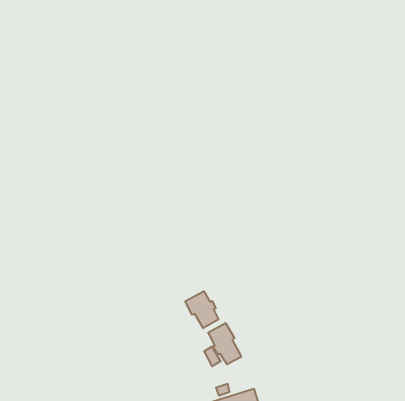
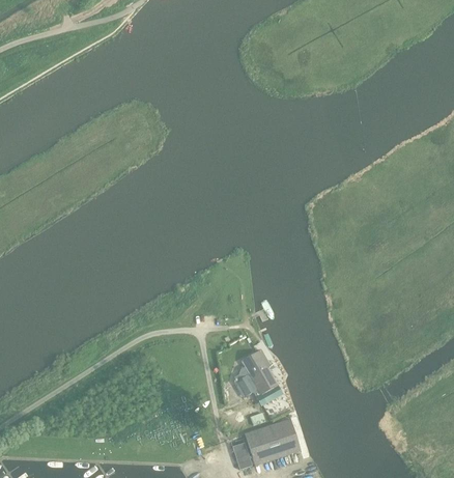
building: [185,291,218,328] -> none

